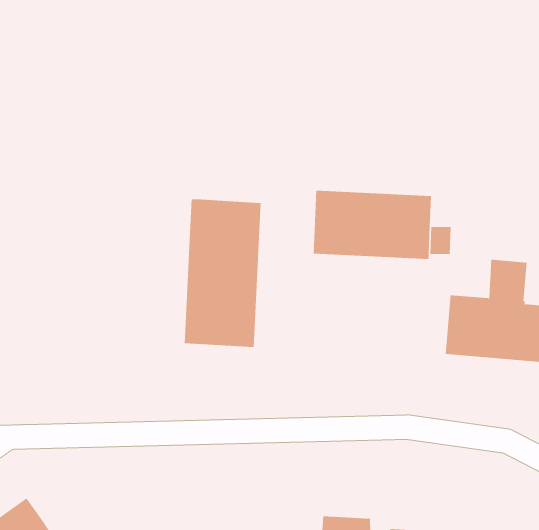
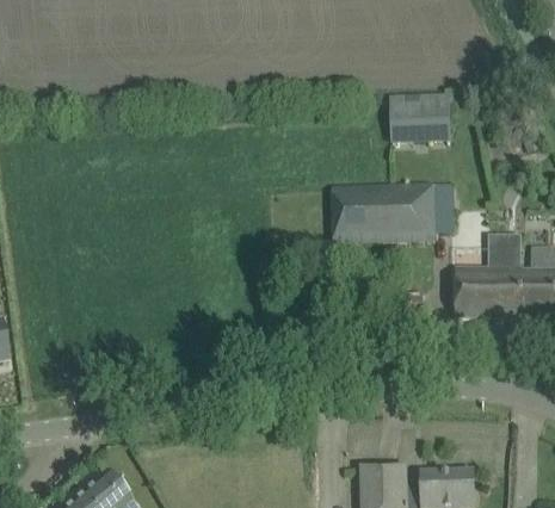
building: none -> [384,93,446,143]
building: [184,199,261,348] -> none

